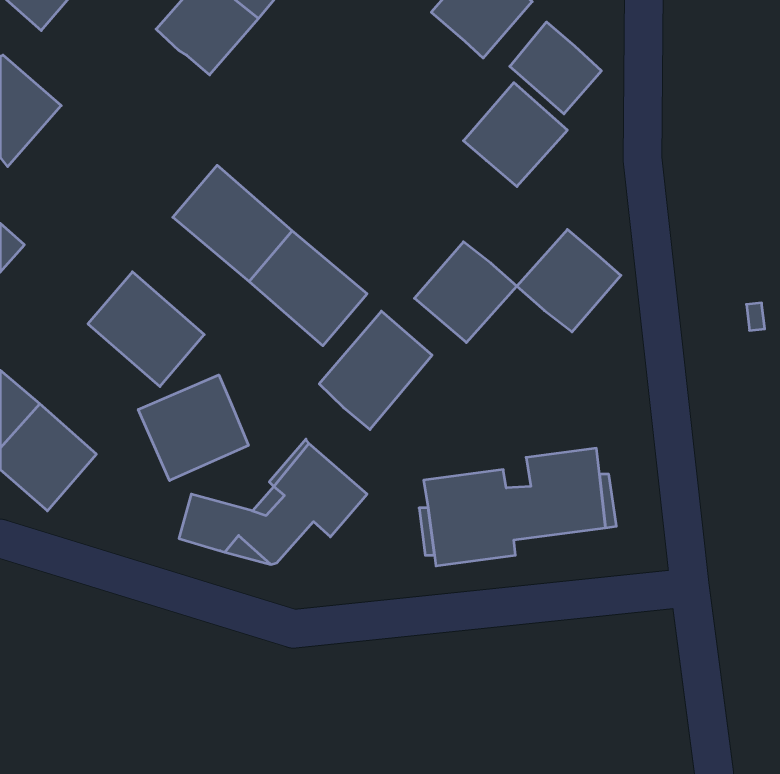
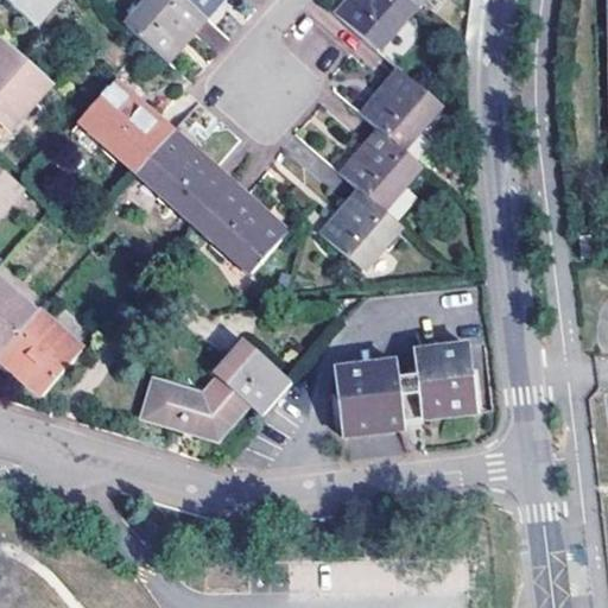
building: [510,22,601,114] -> none
building: [517,229,621,332] -> [340,125,420,204]
building: [88,272,204,387] -> [80,80,170,169]
building: [319,311,432,430] -> none
building: [138,375,248,481] -> none

